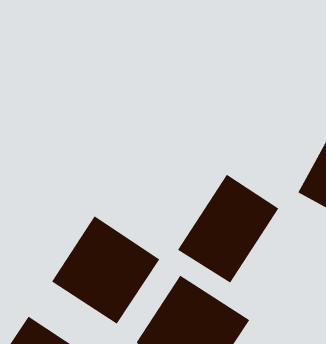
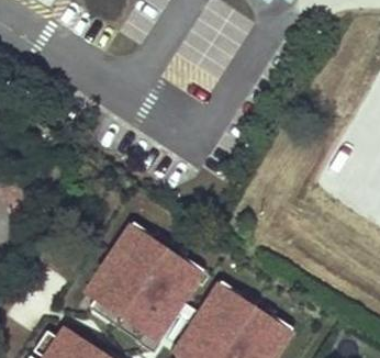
building: [177,174,279,284] -> none

